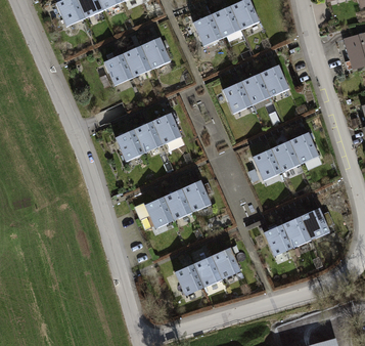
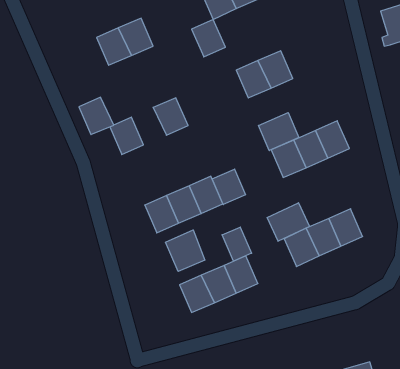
building: [141,37,170,69] -> [192,19,225,57]
building: [260,64,288,96] -> none
building: [133,121,163,153] -> [79,97,114,135]
building: none -> [259,113,299,151]
building: none -> [212,169,245,205]
building: none -> [267,203,309,241]
building: none -> [222,227,252,261]
building: none -> [166,230,205,271]

